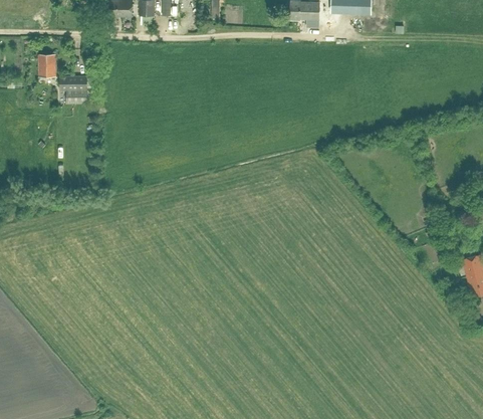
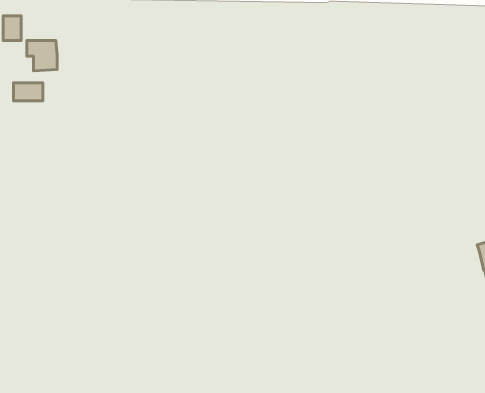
building: none -> [13,83,43,101]

